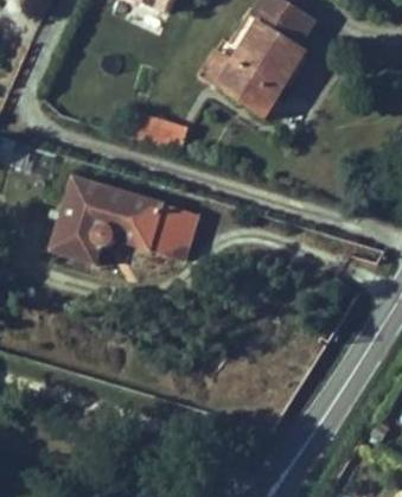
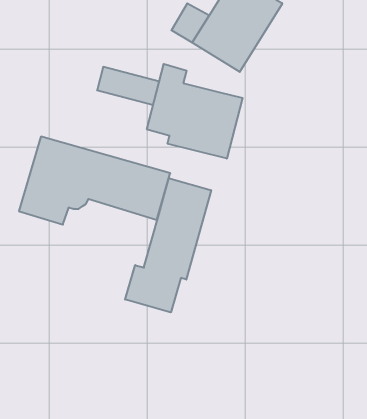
building: none -> [147,64,243,159]
building: none -> [125,178,211,312]

